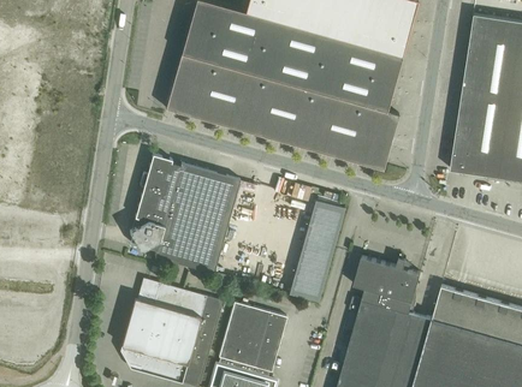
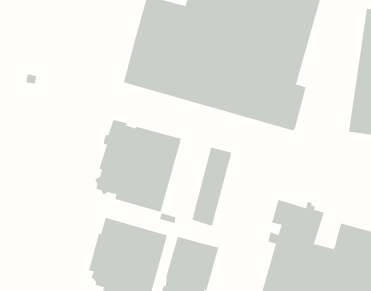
building: [286,206,338,306] -> [191,147,232,227]

